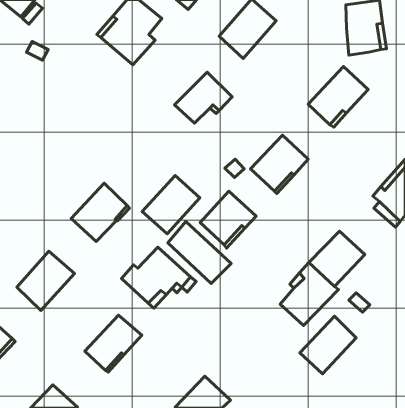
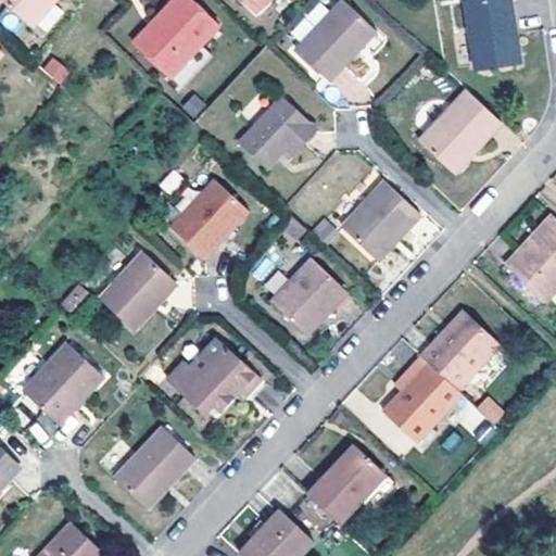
building: [142,175,200,234] -> [170,178,249,257]
building: [168,222,231,284] -> none
building: [300,316,356,374] -> [308,445,384,523]

